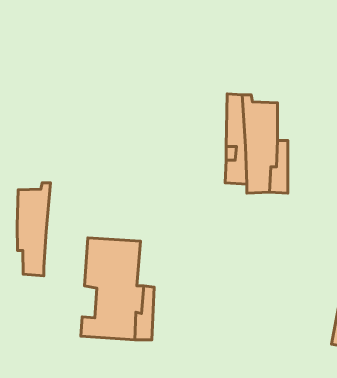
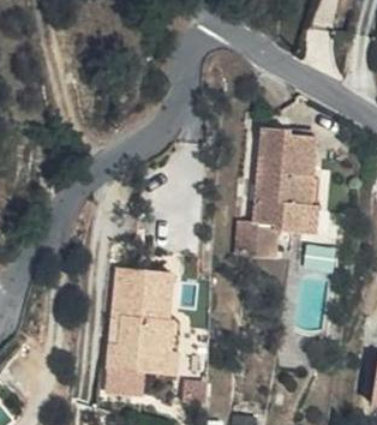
building: [17,183,50,276] -> none
building: none -> [237,215,277,255]

